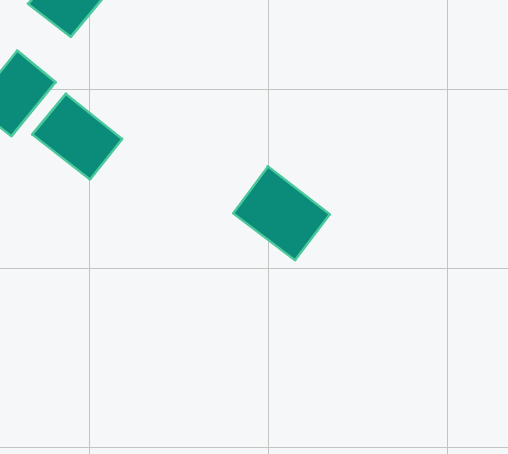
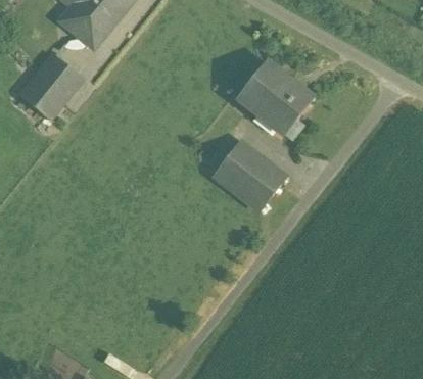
building: none -> [237,63,312,136]
building: [32,94,122,179] -> none

